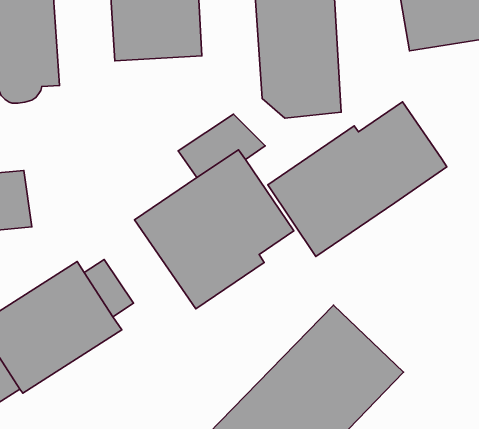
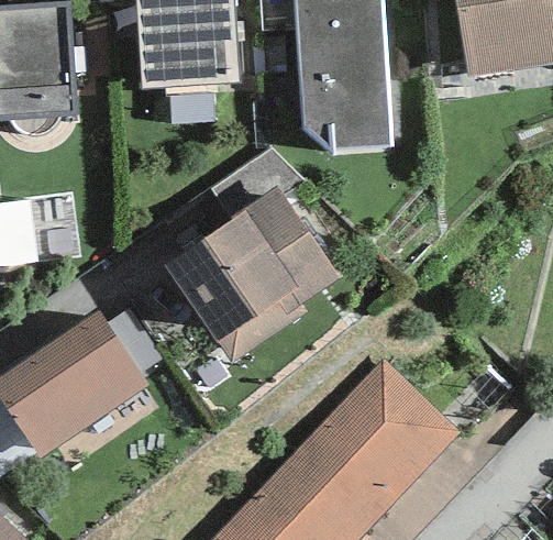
building: [268,102,447,256] -> none

